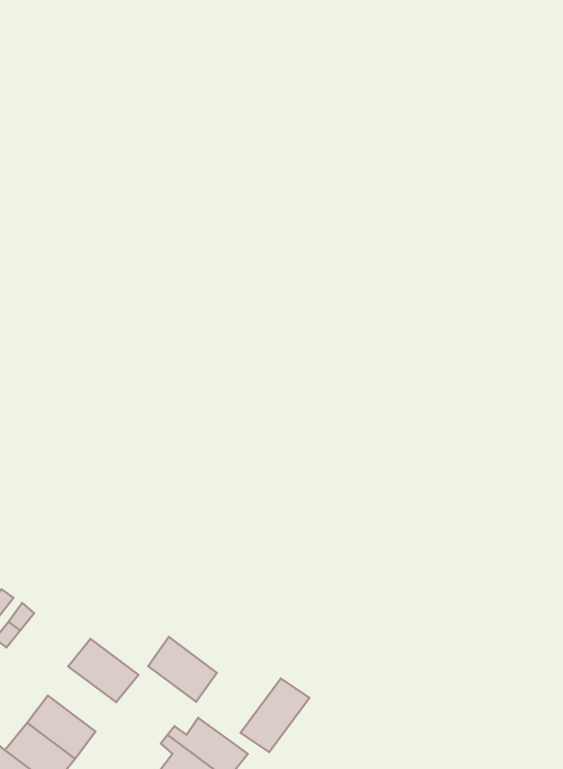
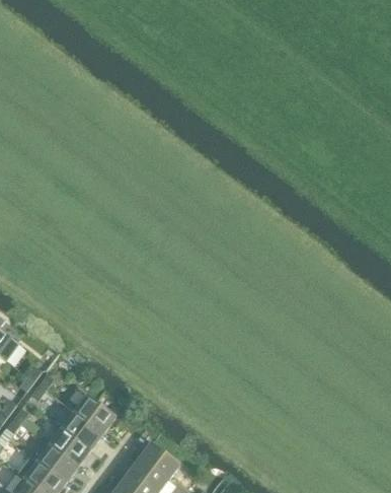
building: [148,637,217,702] -> [61,413,101,451]
building: [240,679,309,752] -> none

